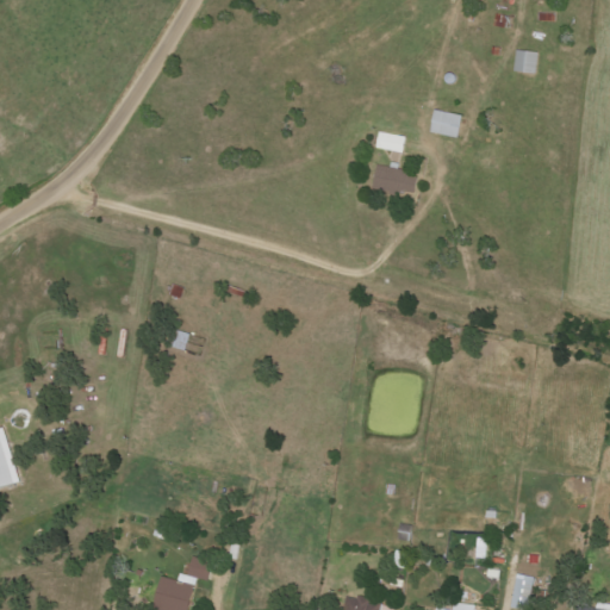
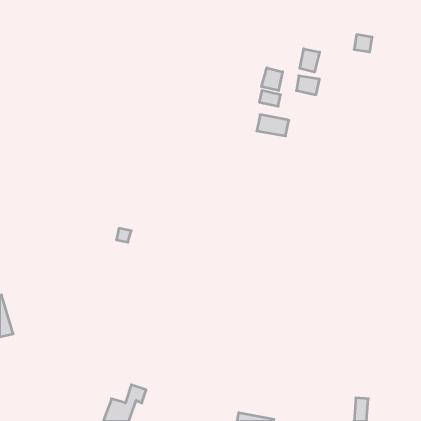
building: none -> [300,49,320,72]
building: none -> [262,68,283,91]

